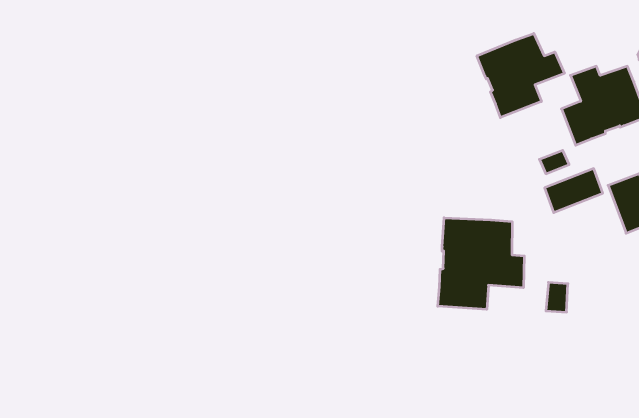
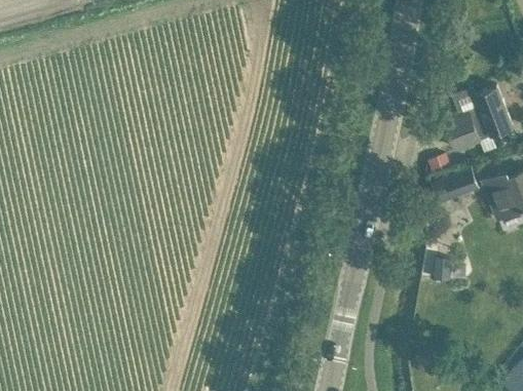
building: [477,33,564,118] -> none
building: [438,218,524,309] -> none

